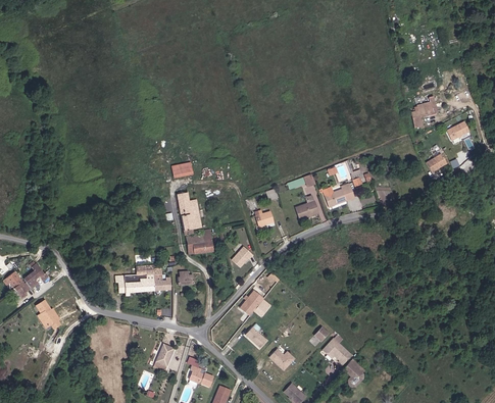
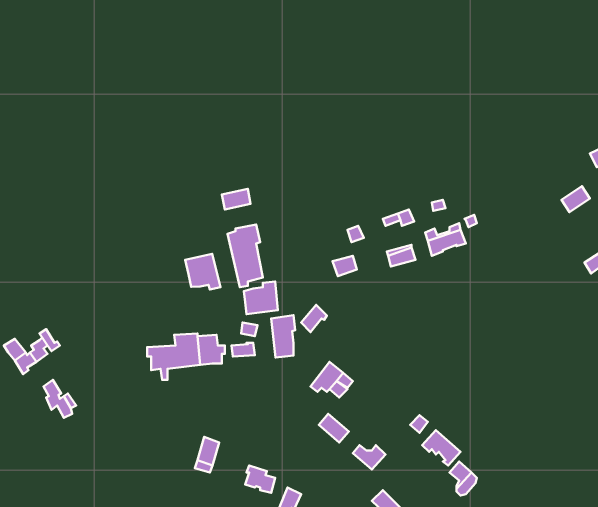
building: [411,97,438,129] -> none
building: none -> [185,254,220,290]
building: none -> [271,315,295,358]

